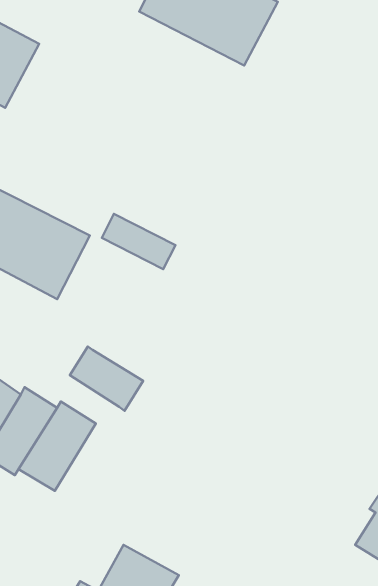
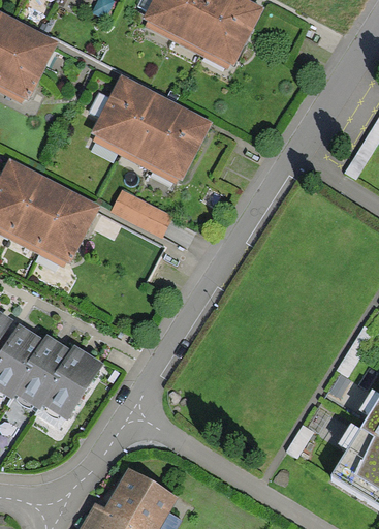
building: none -> [91,75,210,178]
building: [70,347,143,411] -> none

